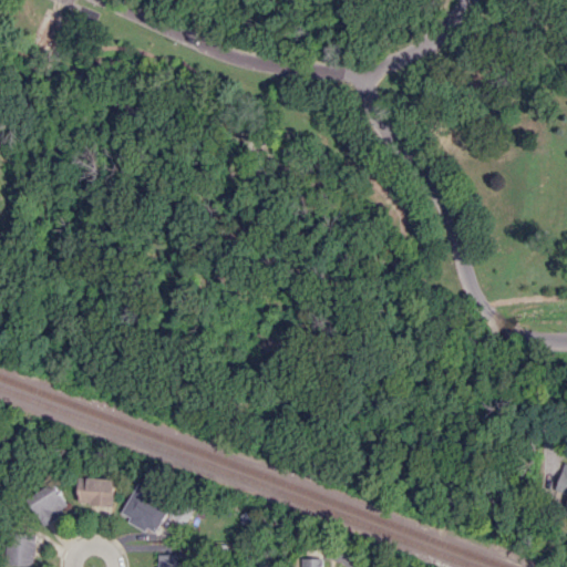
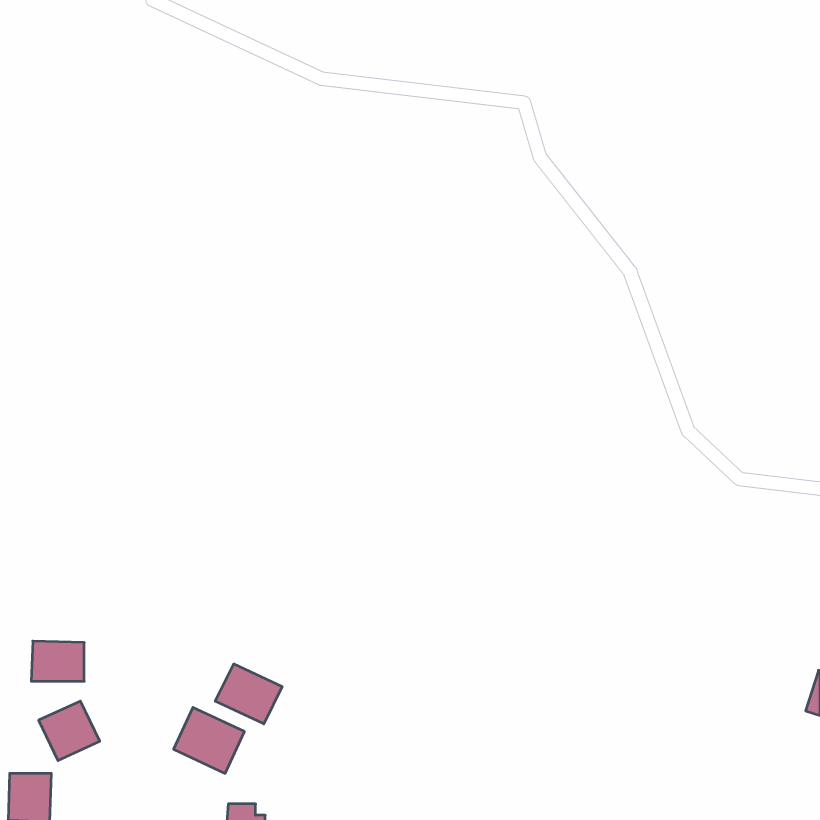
building: none -> [215,664,282,724]
building: [76,477,113,505] -> [31,641,84,681]

